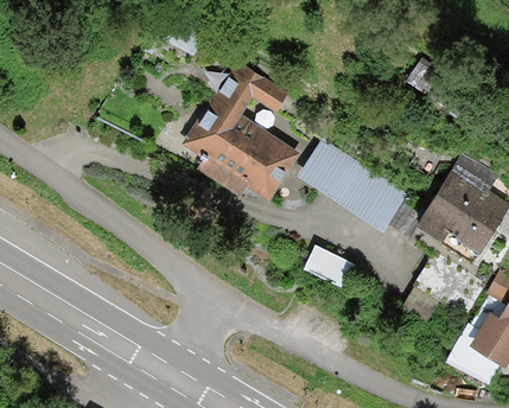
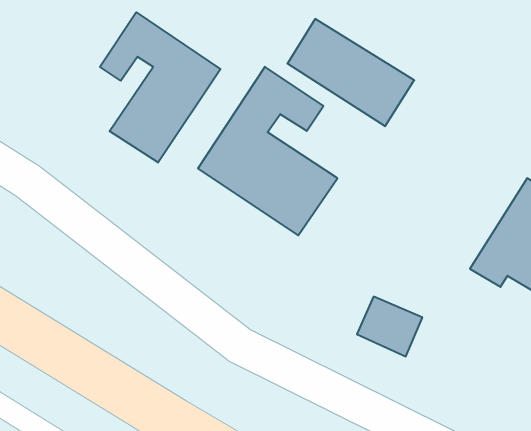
building: none -> [100,12,220,163]
building: [299,139,407,230] -> [287,19,414,126]

